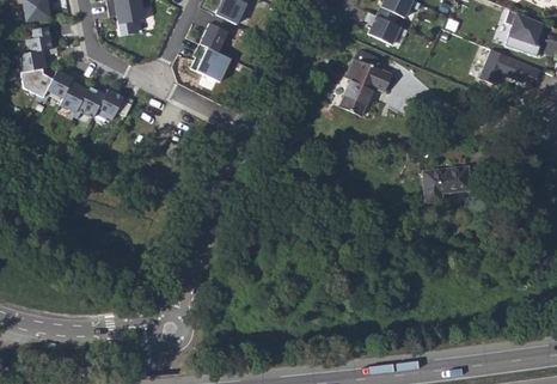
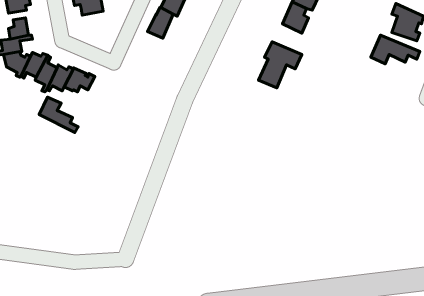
building: [191,44,231,83] -> none
building: none -> [39,97,78,132]
building: [423,166,470,202] -> none

